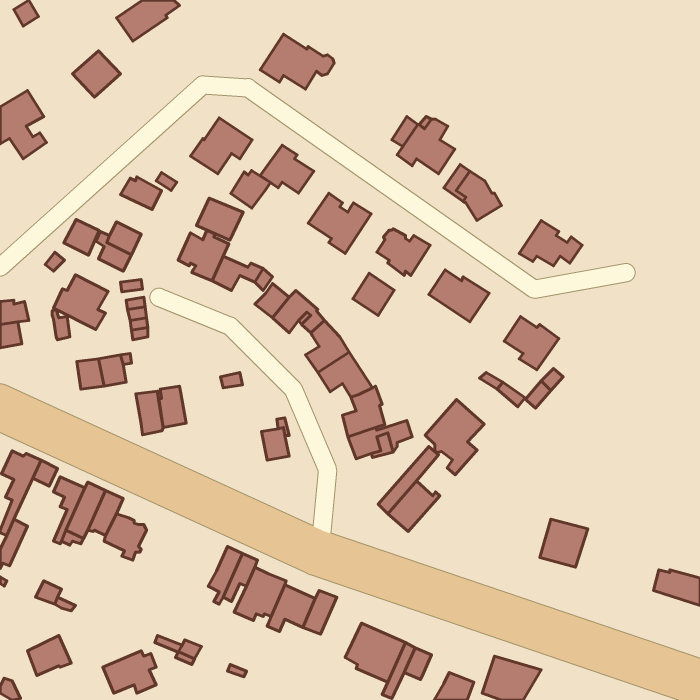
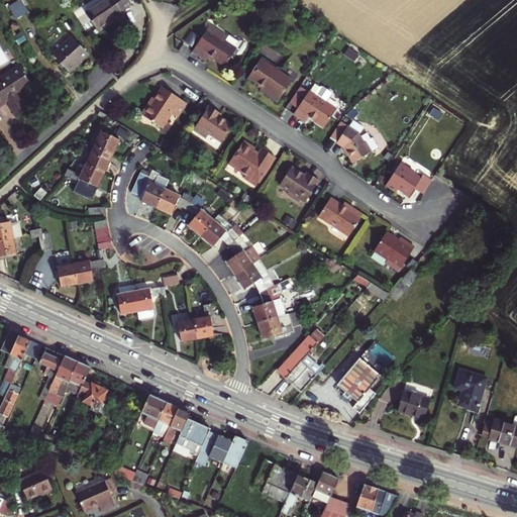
building: none -> [248,60,292,102]
building: [231,171,271,208] -> none
building: [196,198,243,240] -> none
building: [64,220,99,255] -> [86,146,112,173]
building: [353,273,394,316] -> none
building: [53,275,108,329] -> none
building: [136,391,163,435] -> [133,288,153,320]
building: [425,399,484,475] -> [336,356,380,412]
building: none -> [177,318,197,342]
building: none -> [453,370,487,410]
building: none -> [141,394,168,428]
building: none -> [312,471,339,504]

